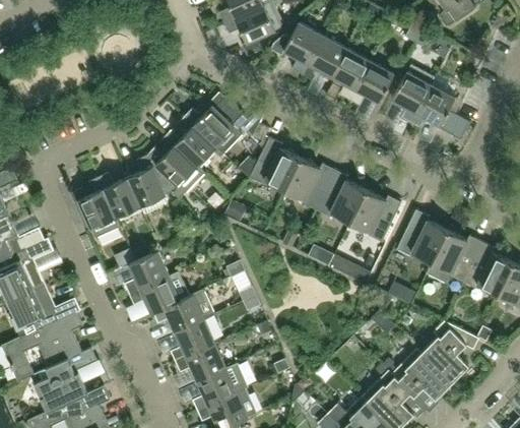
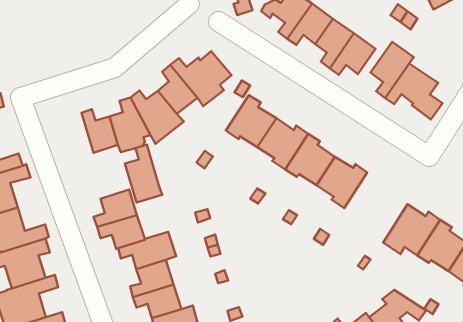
building: [78,178,121,239] -> [125,145,162,202]
building: [397,210,447,263] -> none

